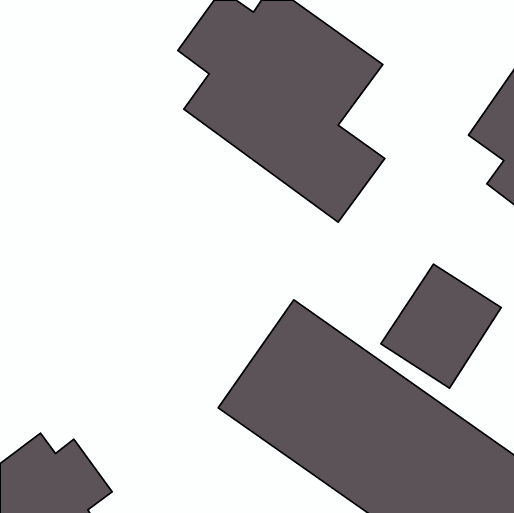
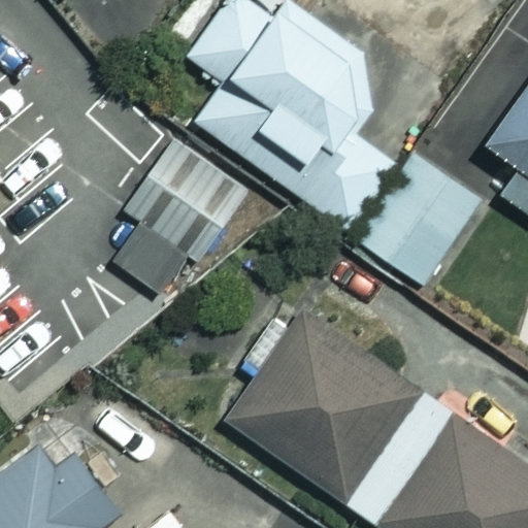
building: none -> [114,139,249,300]
building: [381,264,501,388] -> [356,157,478,284]

